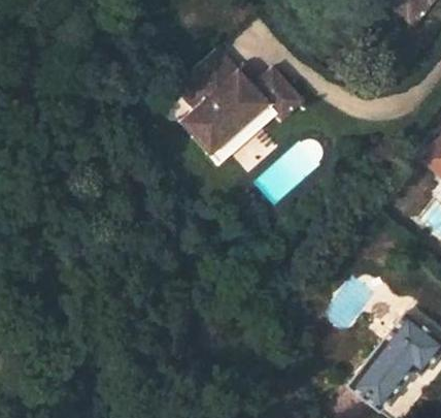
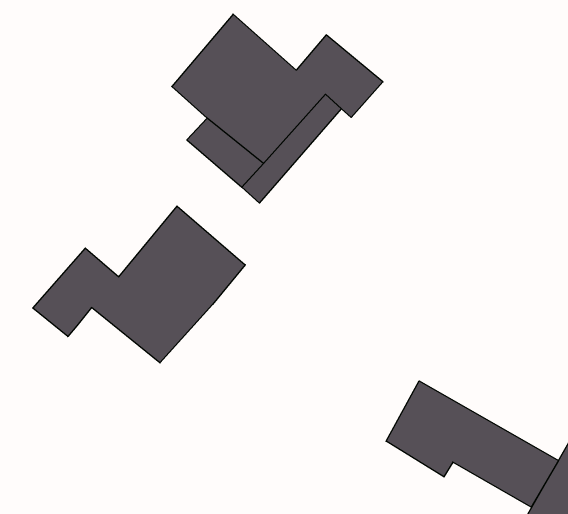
building: none -> [33,206,245,363]
building: none -> [386,381,558,507]

